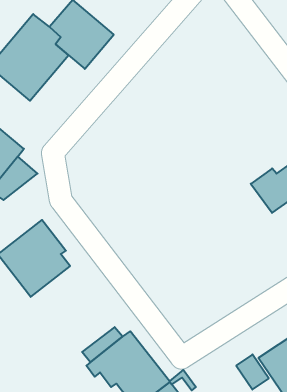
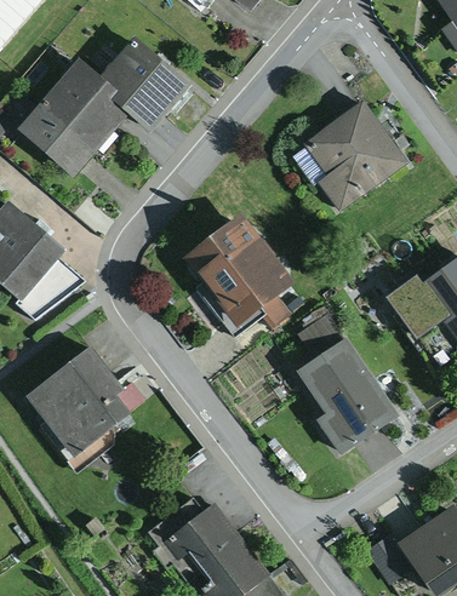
building: none -> [304,101,407,212]
building: none -> [183,213,293,338]
building: none -> [296,314,399,455]

